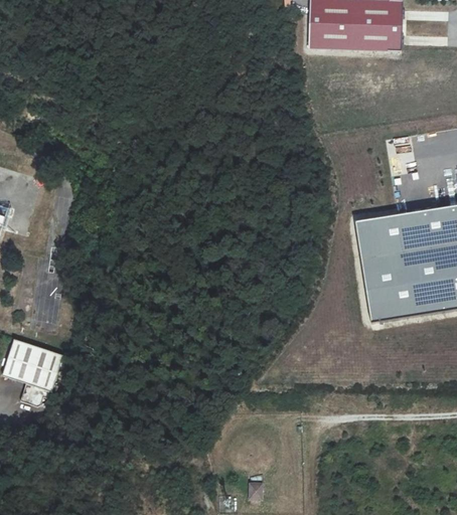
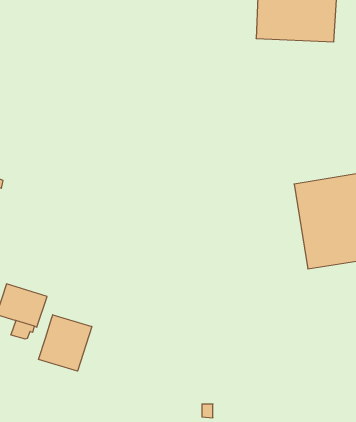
building: none -> [39,315,92,371]

